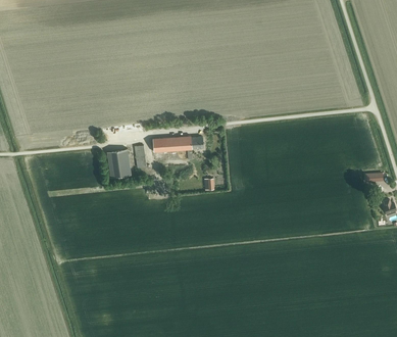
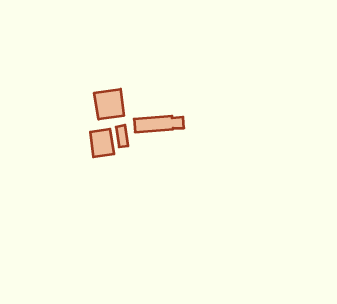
building: none -> [94,89,124,119]

